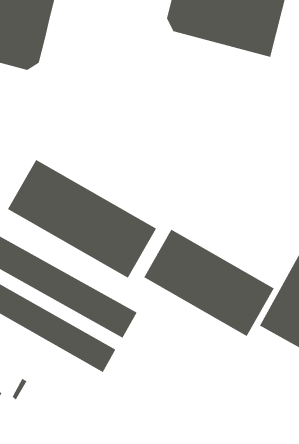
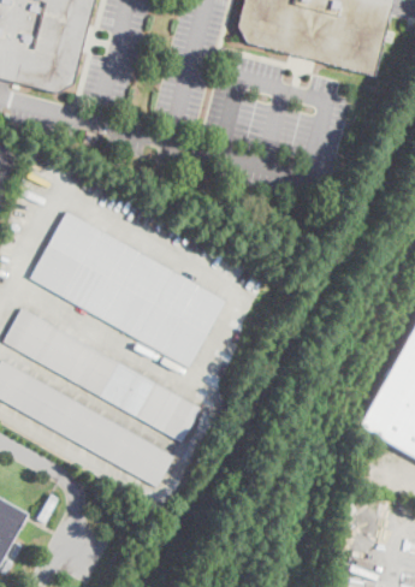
building: [143,229,275,337] -> none

